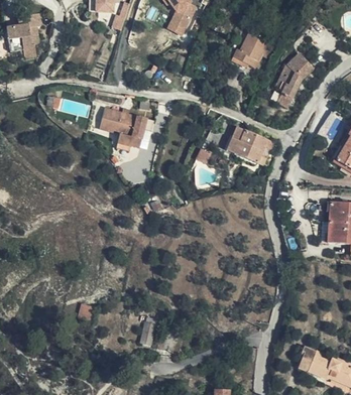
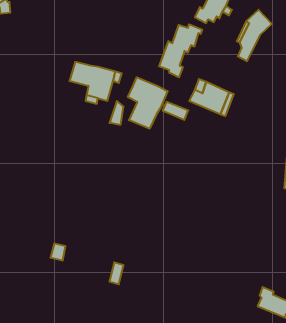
building: none -> [159,24,202,77]
building: none -> [128,77,168,129]

